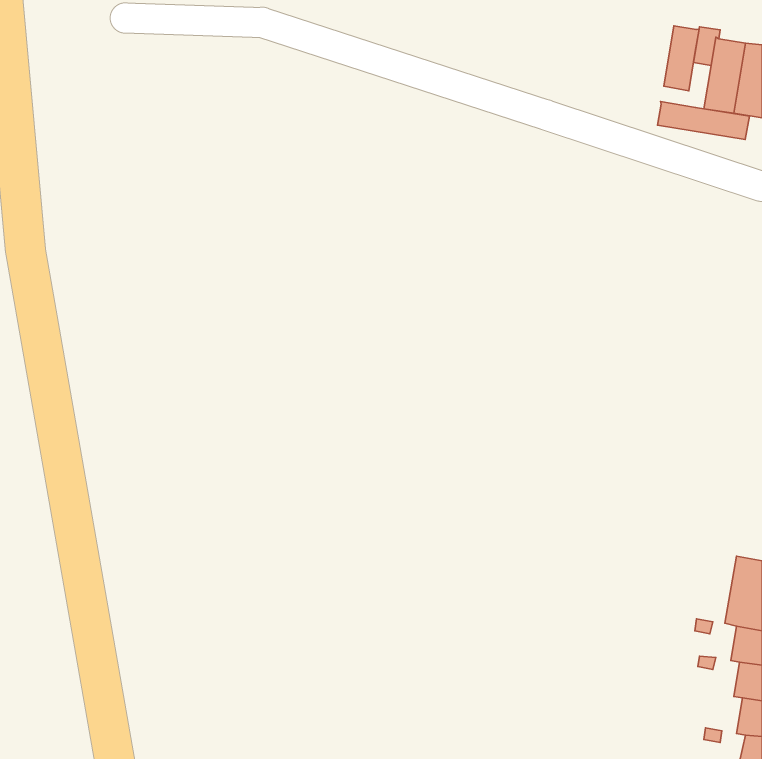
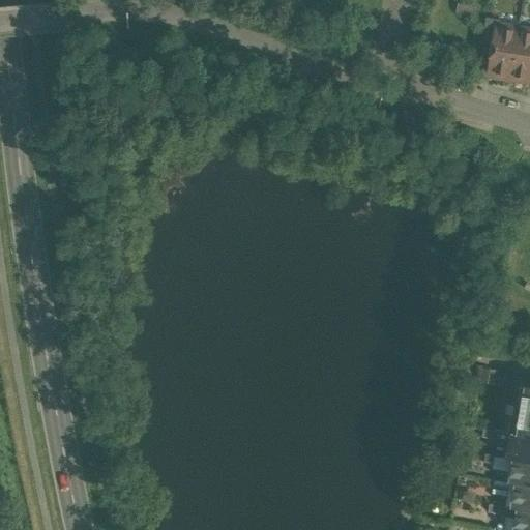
building: [664,26,699,91] -> none
building: [658,101,750,140] -> none

